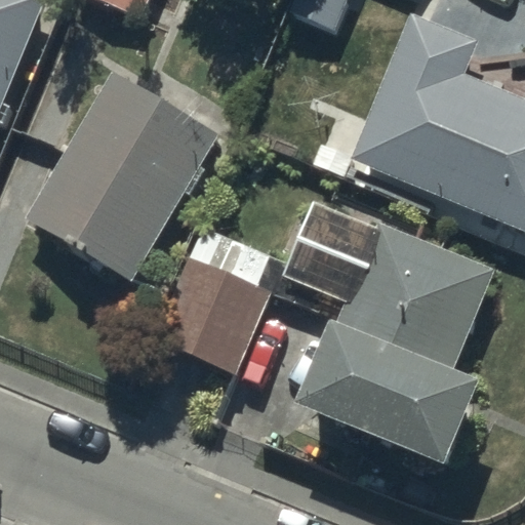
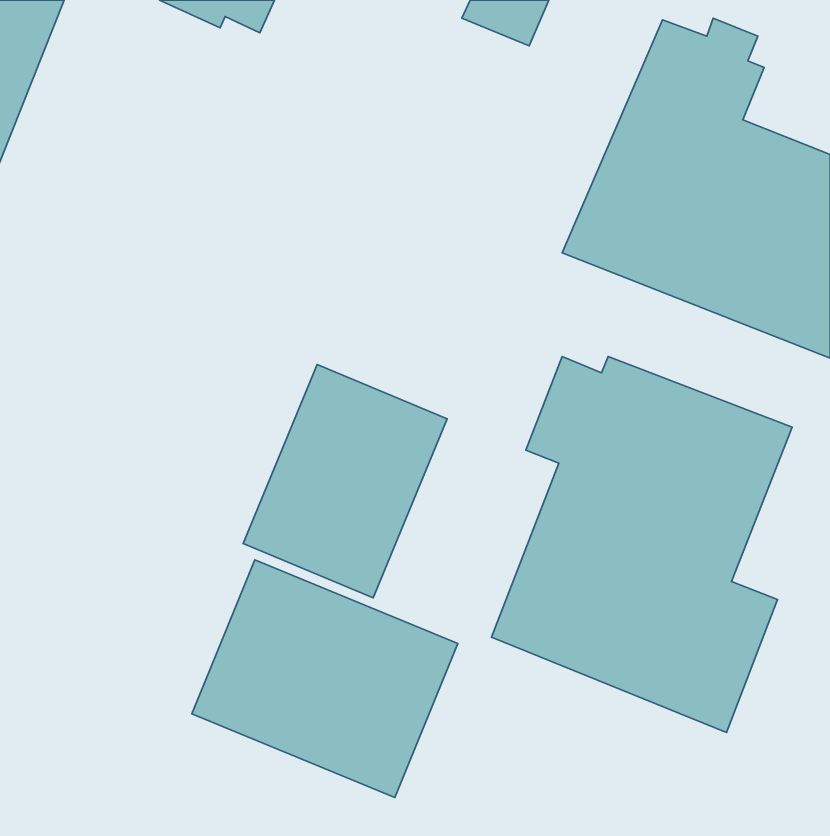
building: [23,72,219,279] -> none
building: none -> [192,560,458,798]

